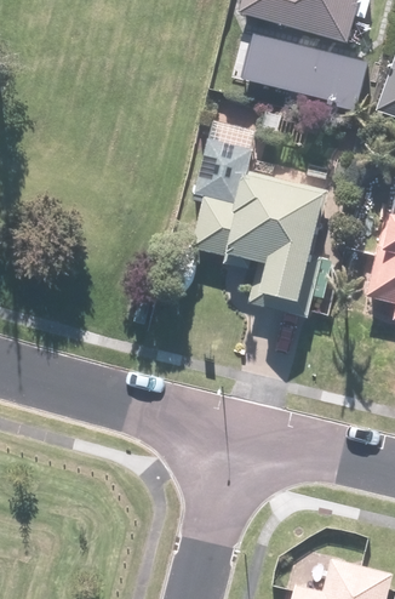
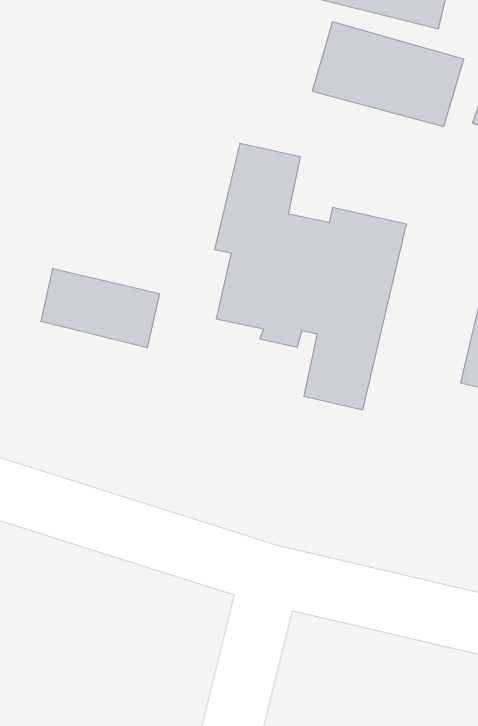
building: none -> [41,268,160,348]

